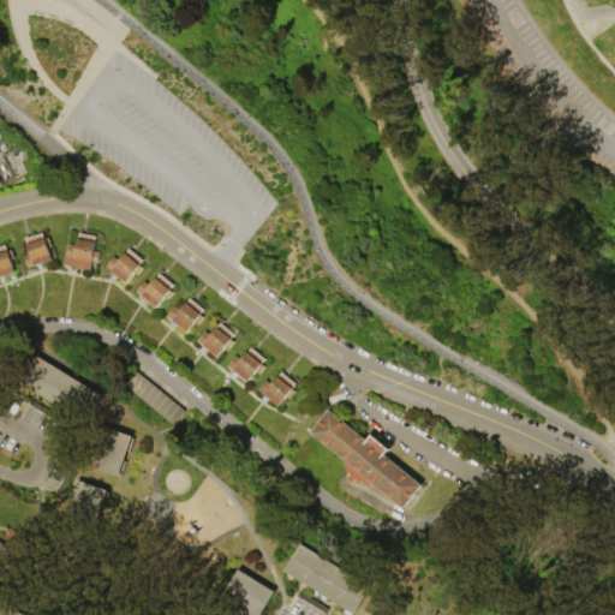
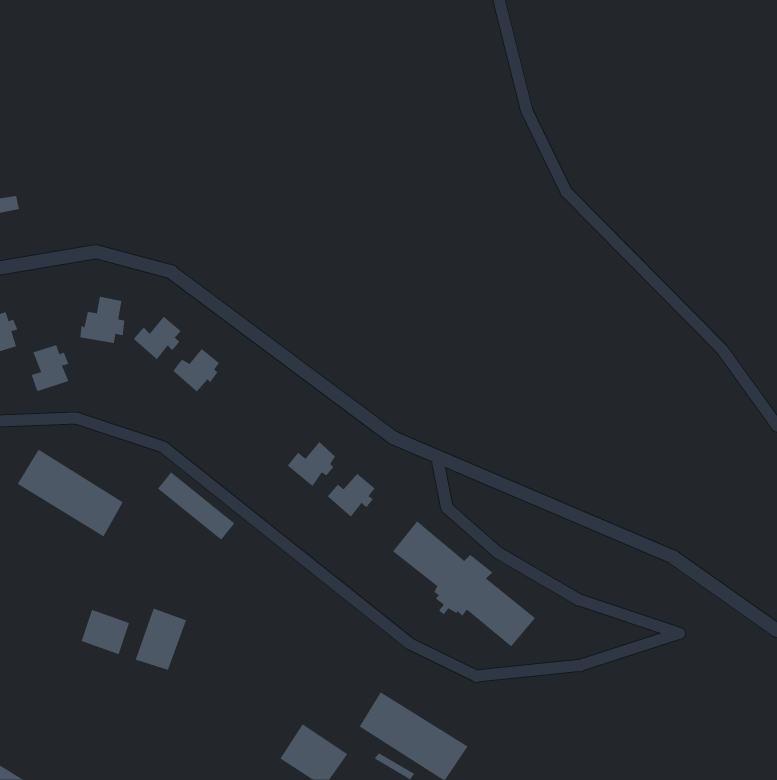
building: [22,232,52,269] -> [31,344,69,392]
building: [165,298,204,333] -> none
building: [196,323,234,357] -> none
building: [86,426,127,476] -> [135,608,187,671]

